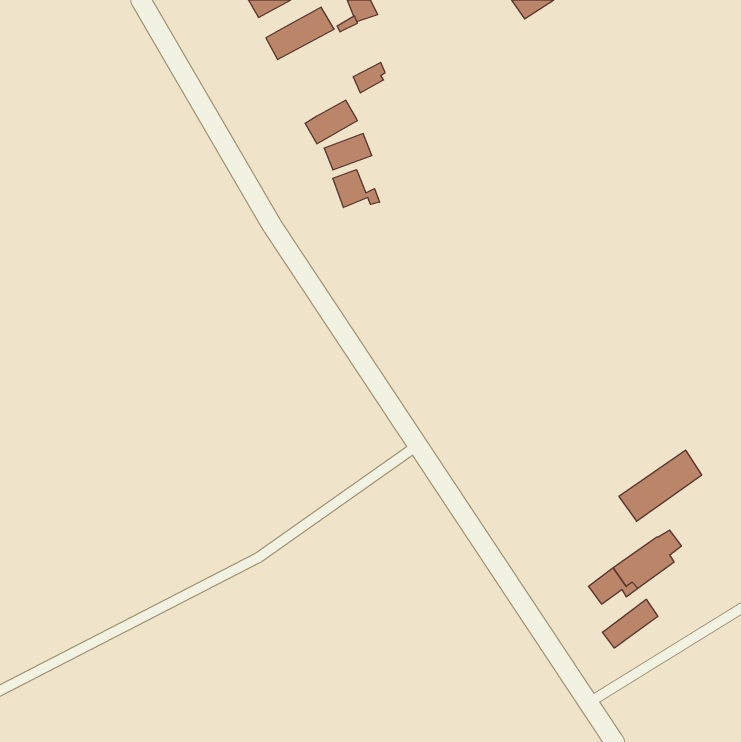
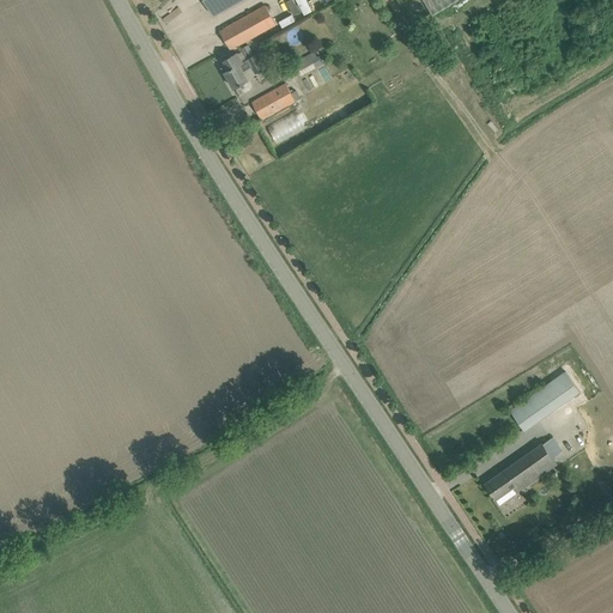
building: none -> [224,53,263,87]
building: [333,170,380,208] -> none
building: [602,599,658,648] -> none

